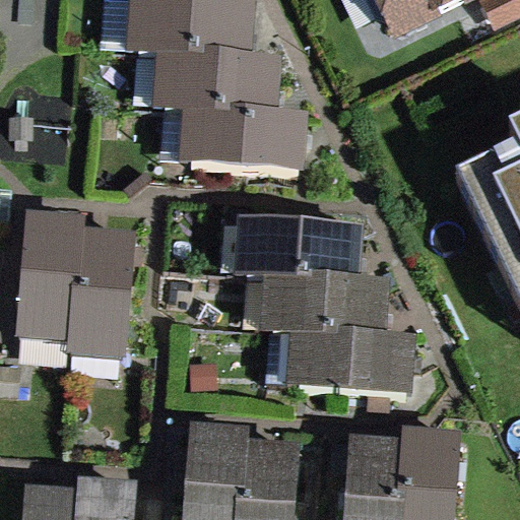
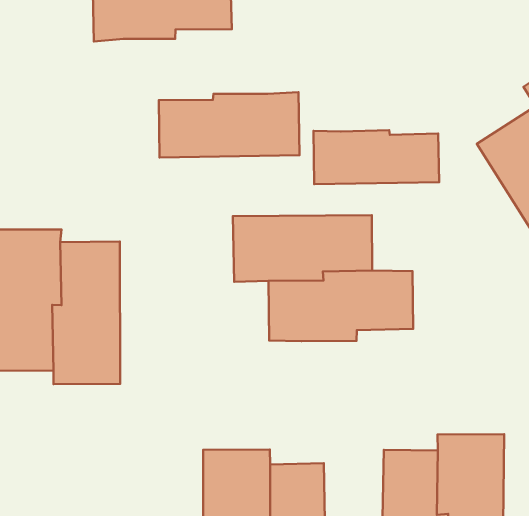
building: [149,48,282,113] -> none
building: none -> [313,130,439,184]
building: [283,328,418,393] -> none

